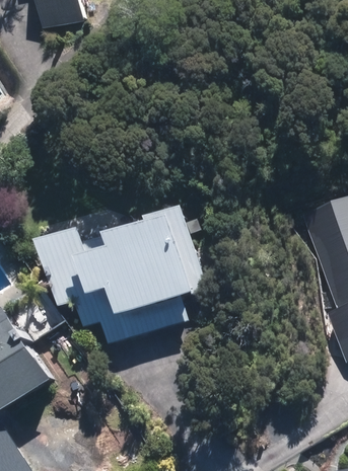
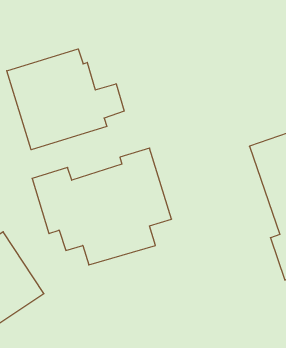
building: none -> [7,49,124,150]

